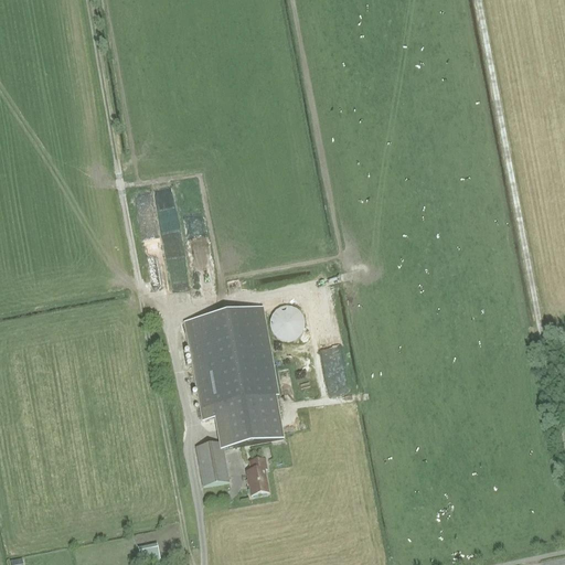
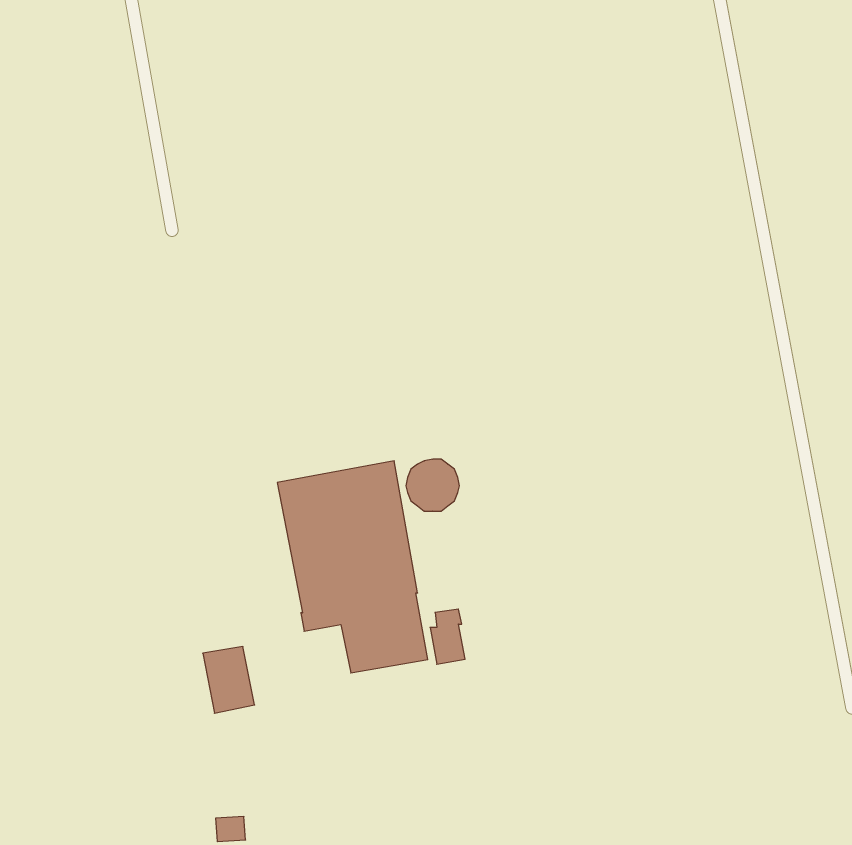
building: [194,439,228,483] -> [203,647,255,713]
building: [245,456,268,492] -> [430,609,465,664]

